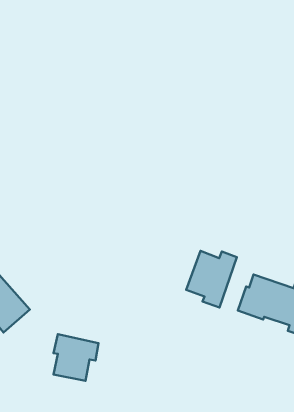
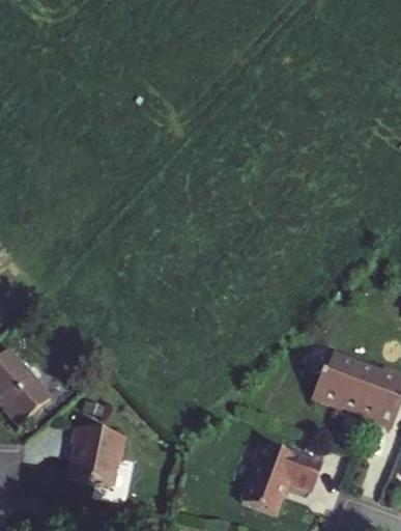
building: [186,251,237,308] -> none
building: none -> [239,446,319,516]

